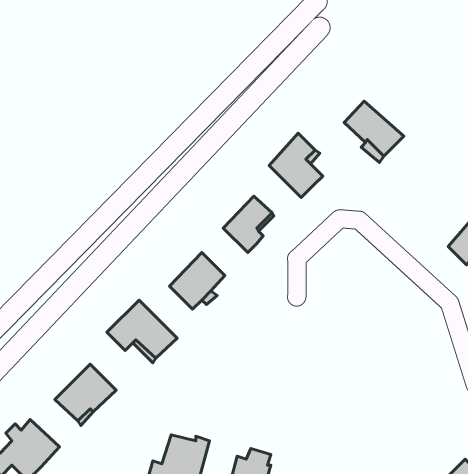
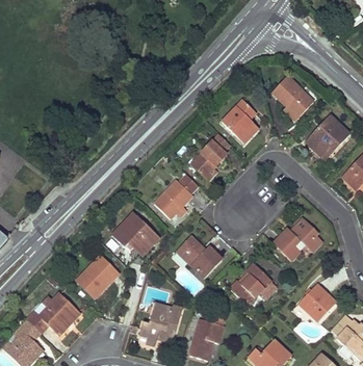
building: none -> [306,115,349,155]
building: none -> [273,218,320,260]
building: none -> [177,236,222,277]
building: none -> [230,262,276,305]
building: none -> [299,284,336,320]

